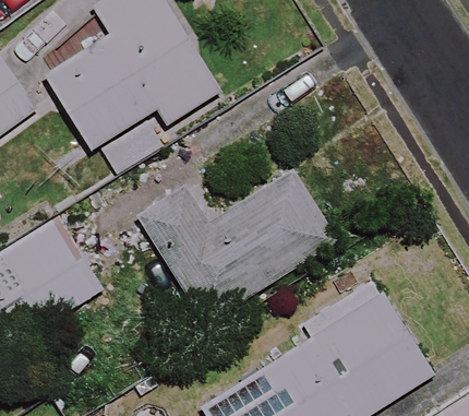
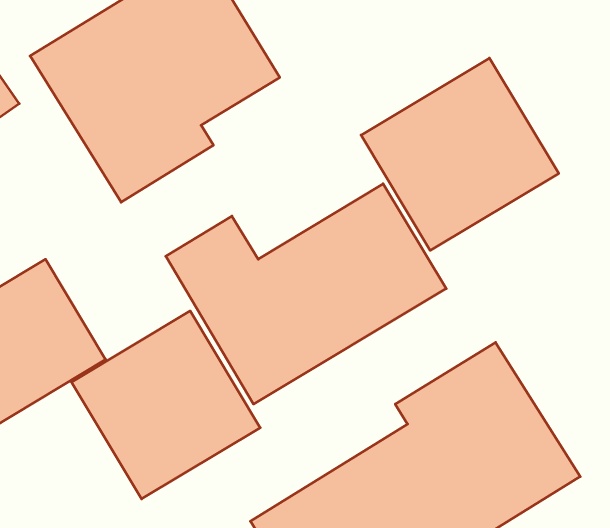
building: none -> [361,58,559,250]
building: none -> [71,311,260,499]

